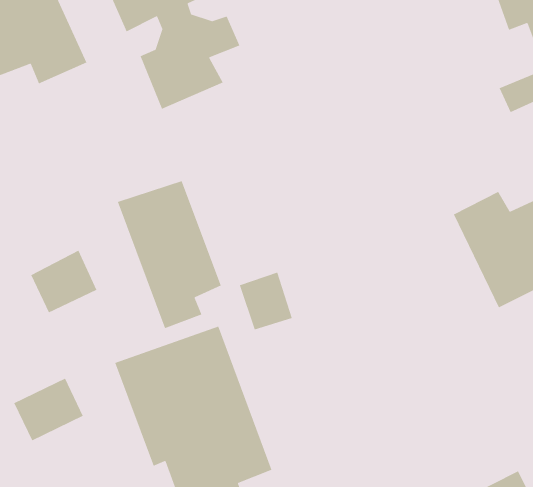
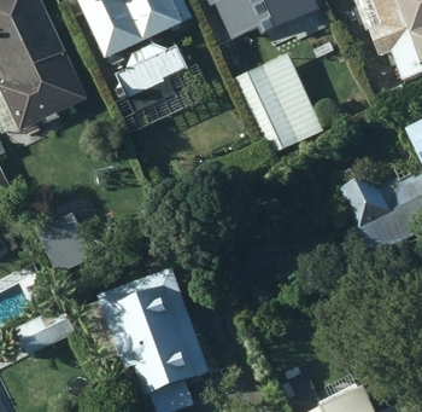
building: none -> [233,54,322,157]
building: [117,180,222,329] -> none

